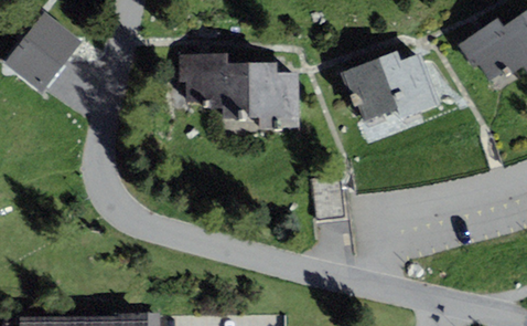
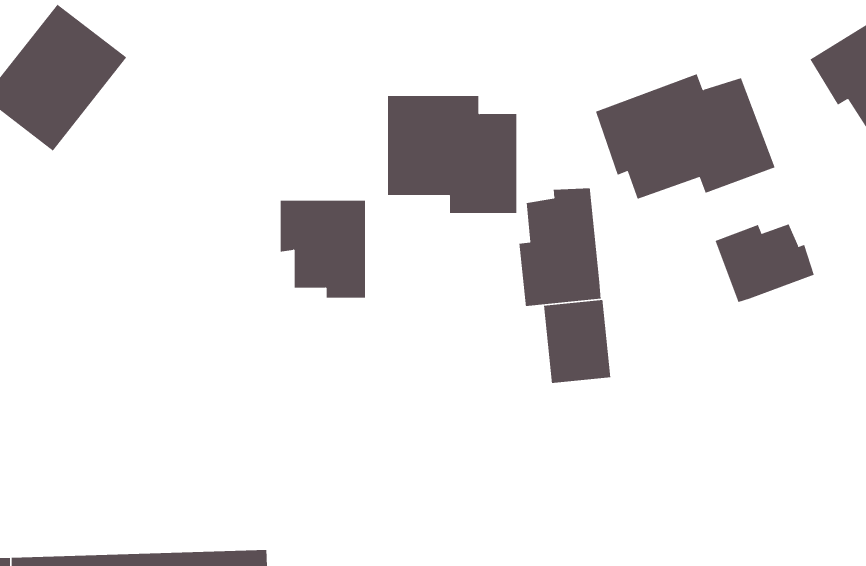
building: [179,54,226,108] -> [280,200,366,298]
building: none -> [519,188,601,307]
building: none -> [715,224,814,303]

